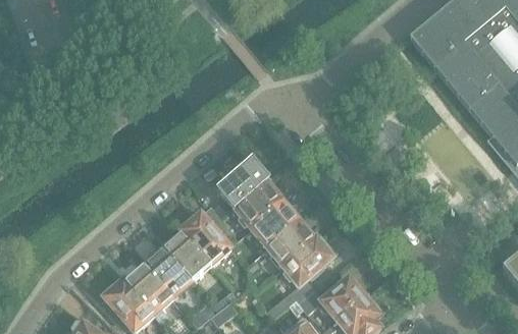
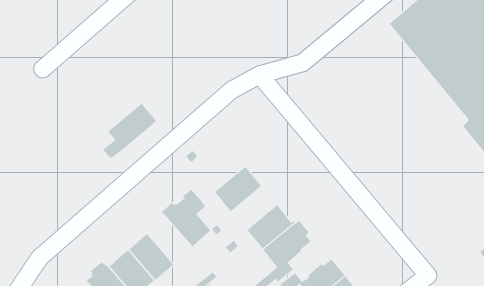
building: [213,160,268,217] -> [103,103,157,159]
building: [250,202,298,246] -> none
building: [165,231,212,281] -> none

